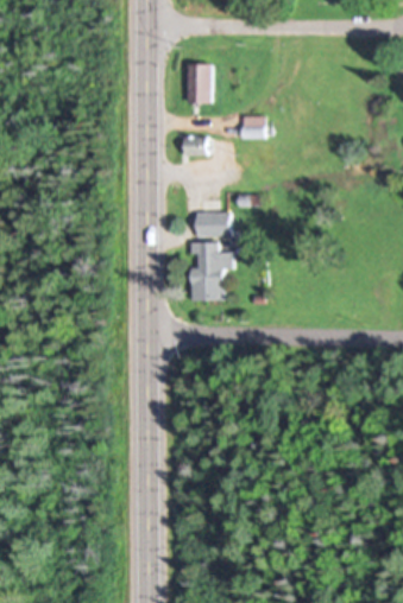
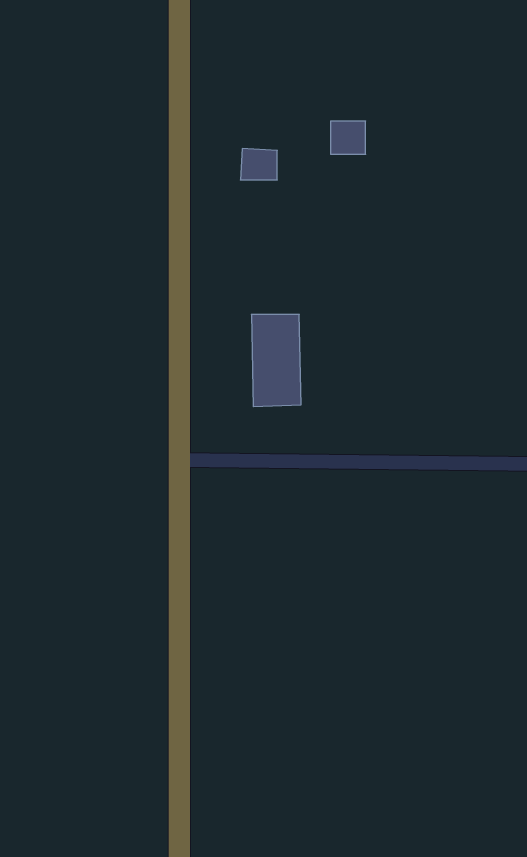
building: [187,64,210,102] -> none
building: [196,212,229,236] -> none

